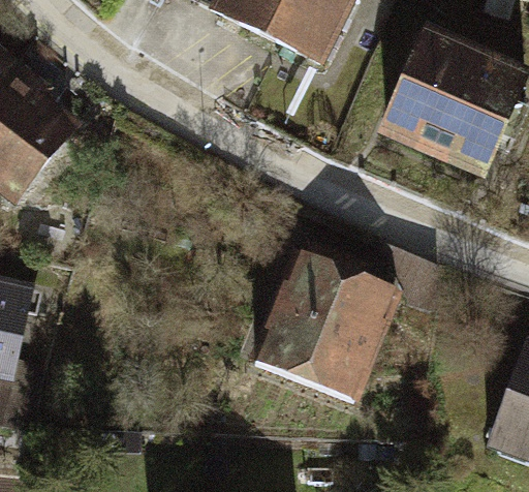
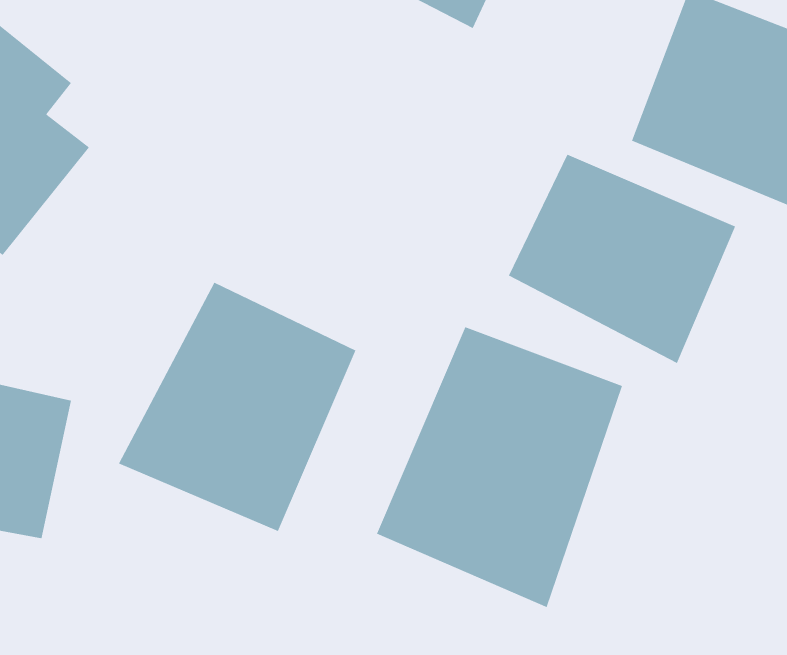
building: none -> [508,154,736,364]
building: none -> [118,282,356,532]

